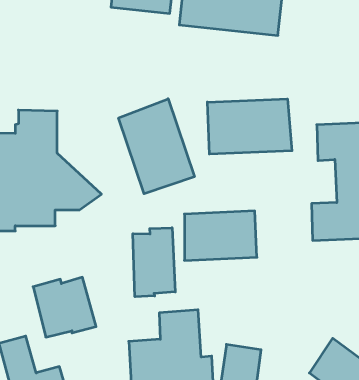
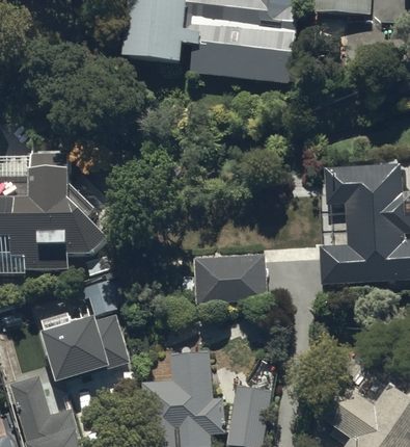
building: [119,99,194,194] -> none
building: [207,99,292,154] -> none
building: [133,228,175,297] -> none

